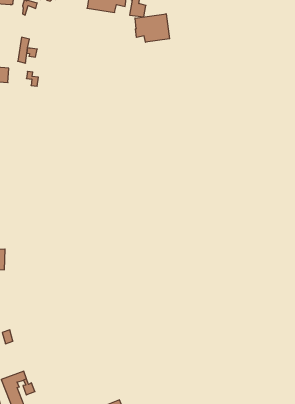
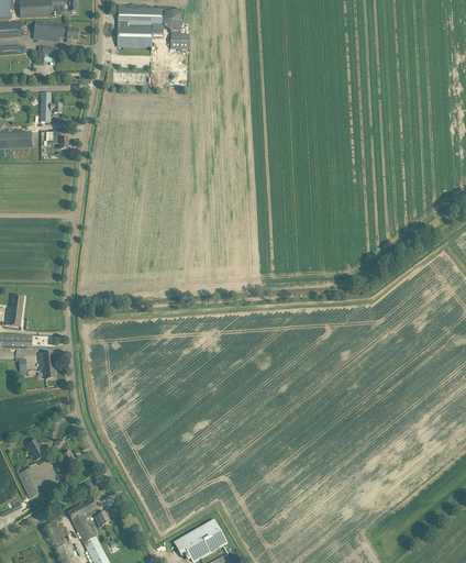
building: [135,14,170,42] -> none

